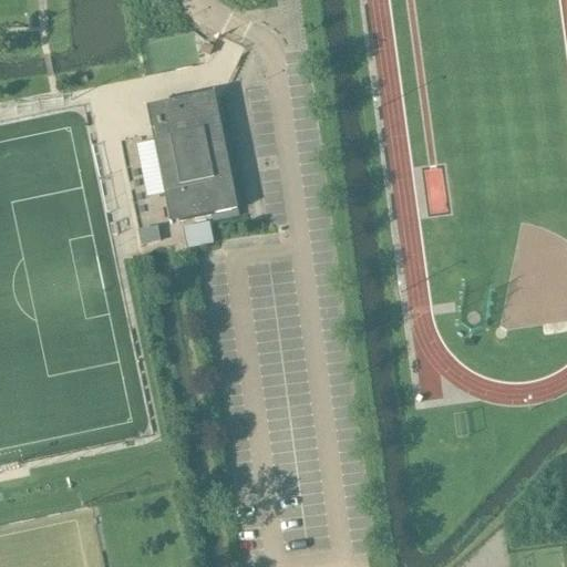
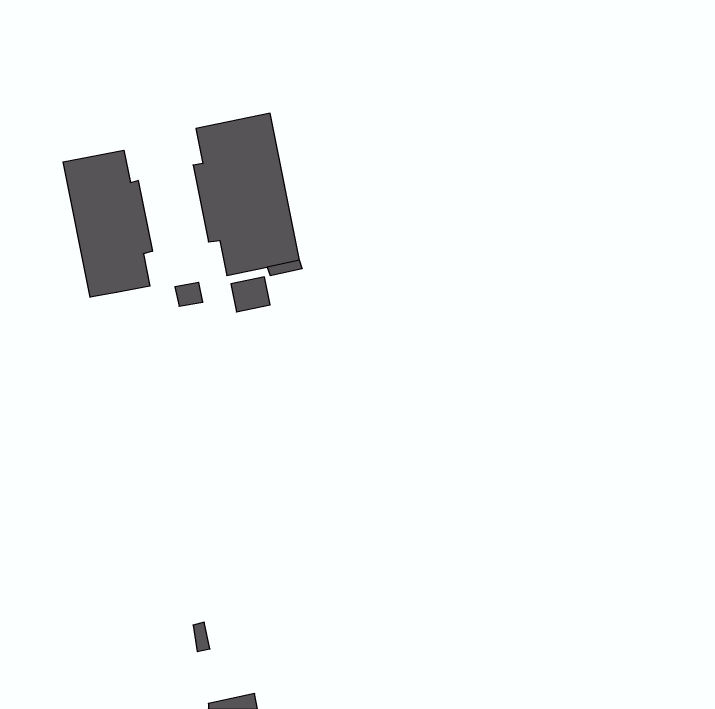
building: none -> [63,150,152,297]

